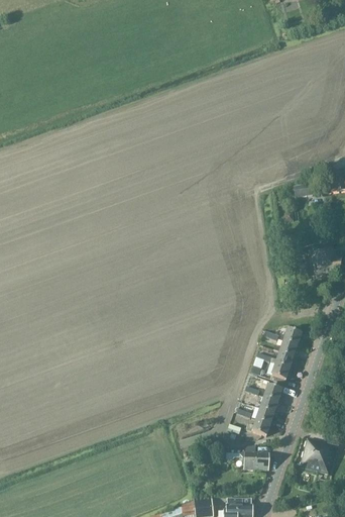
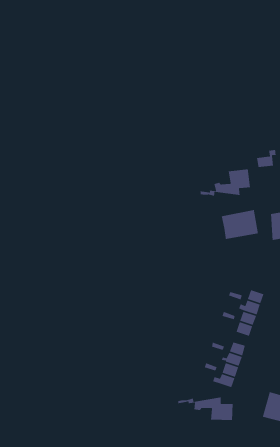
building: none -> [200,168,251,197]
building: none -> [221,209,259,240]

